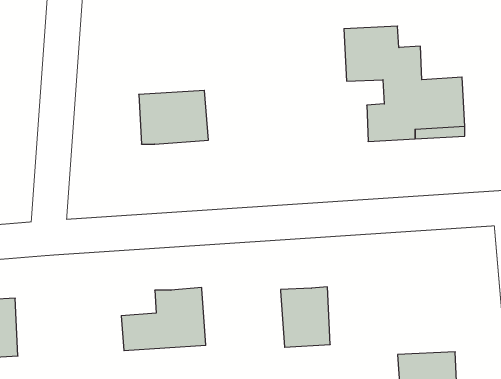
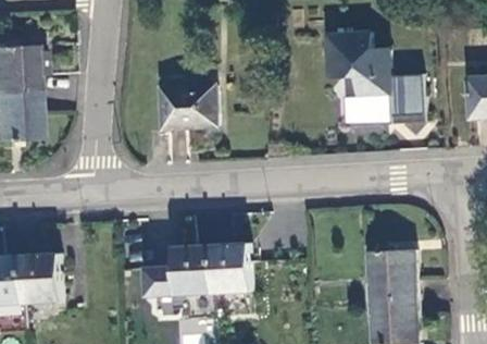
building: [281,287,330,347] -> [211,242,251,291]
building: none -> [367,249,416,298]

